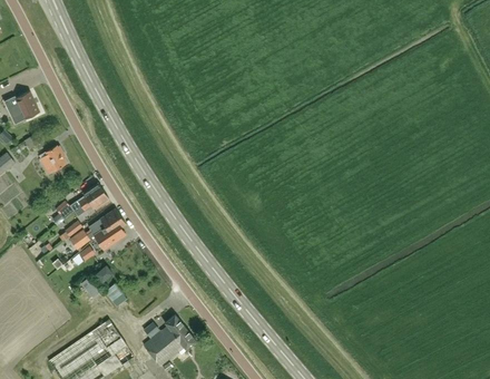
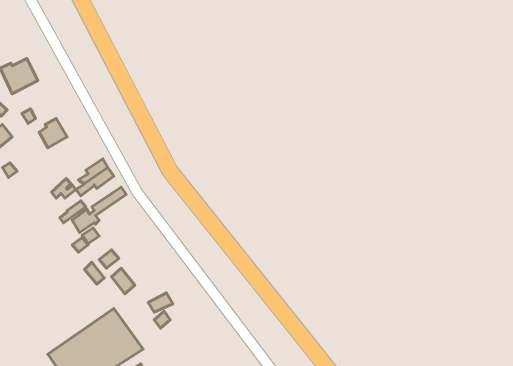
building: [91,216,126,249] -> none
building: [144,315,196,367] -> none

